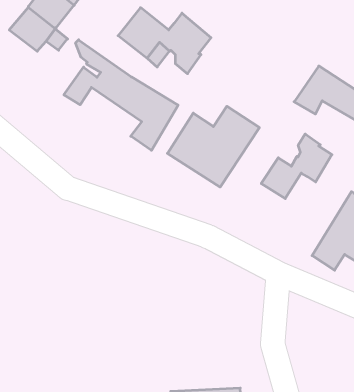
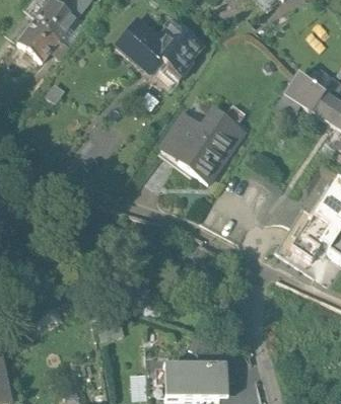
building: [64,40,178,150] -> none
building: [261,134,332,199] -> none

